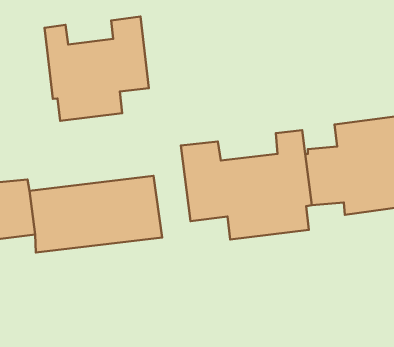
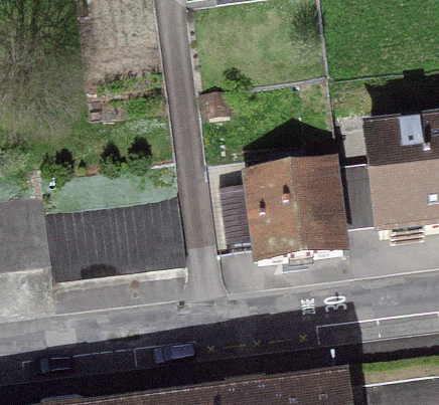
building: [45,16,149,121] -> none

